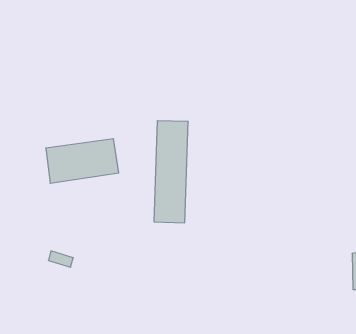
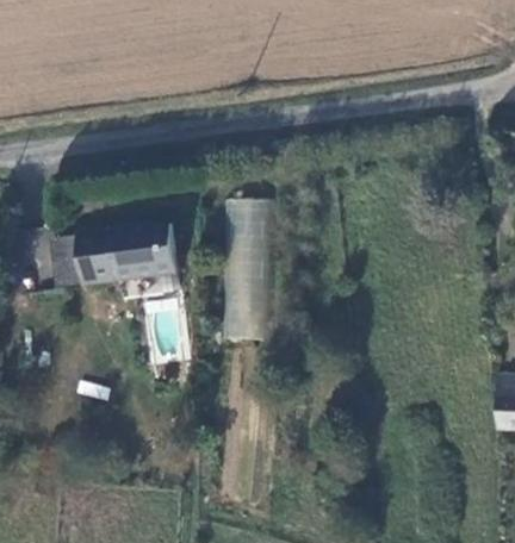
building: none -> [50,235,81,287]

